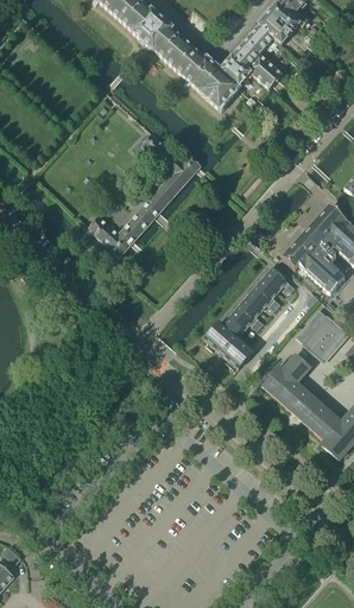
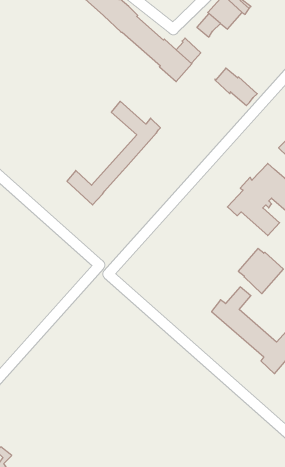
building: [232,43,283,88] -> [215,68,257,106]
building: [203,267,295,368] -> none

